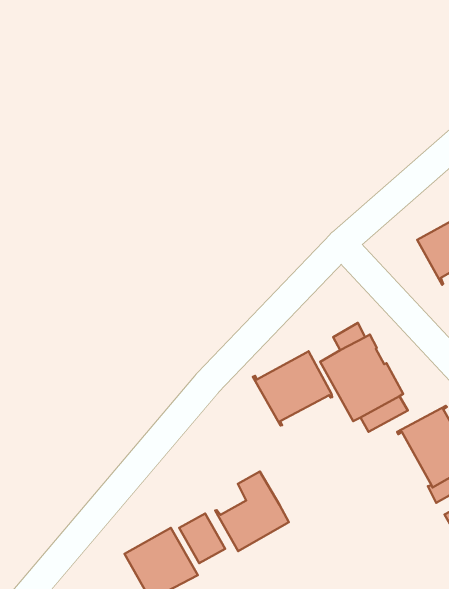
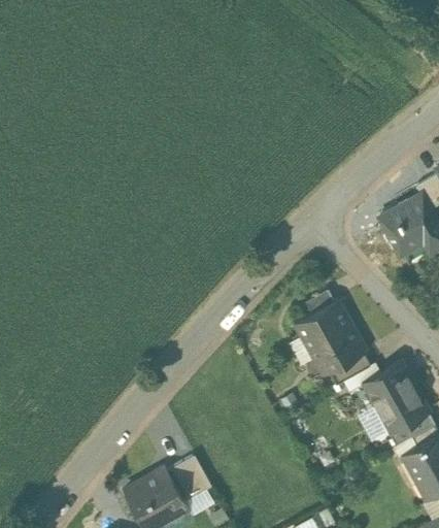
building: [253,351,332,425] -> none
building: [215,471,289,551] -> none

